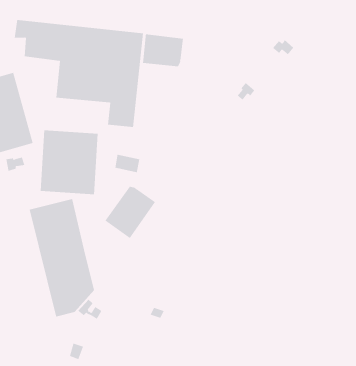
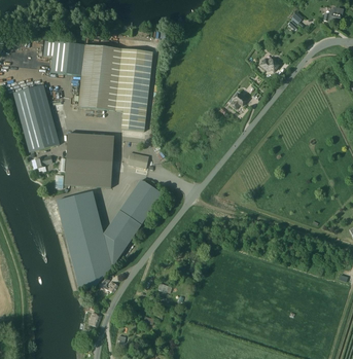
building: [142,34,183,67] -> none
building: none -> [103,209,141,267]

